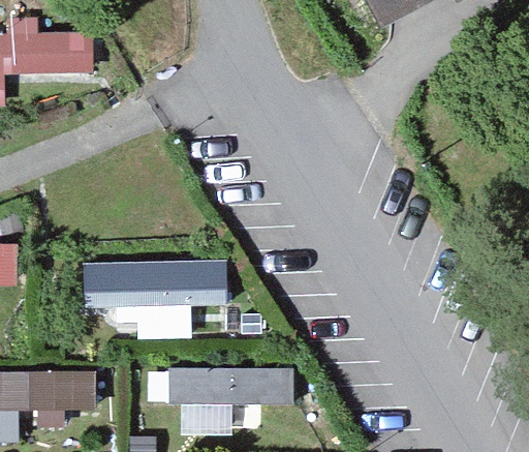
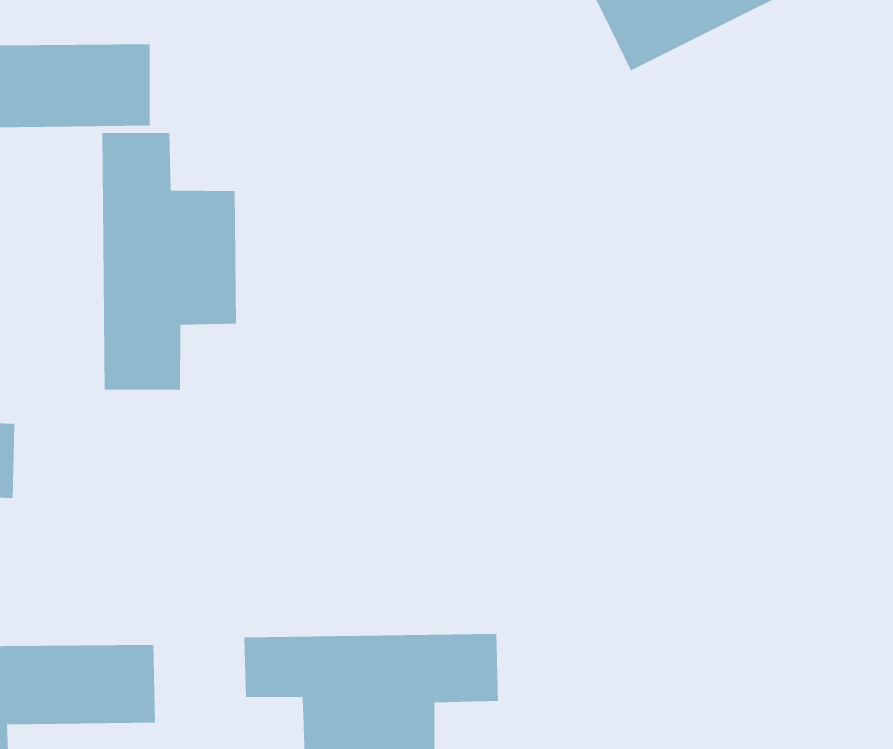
building: none -> [102,132,237,390]
building: [81,259,227,335] -> none

